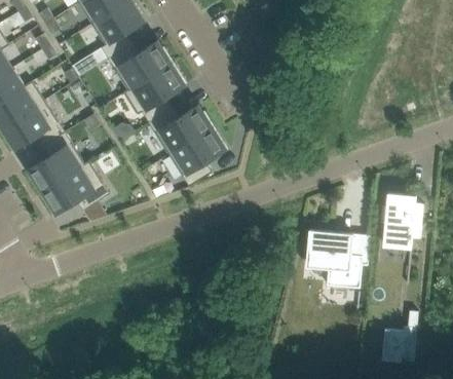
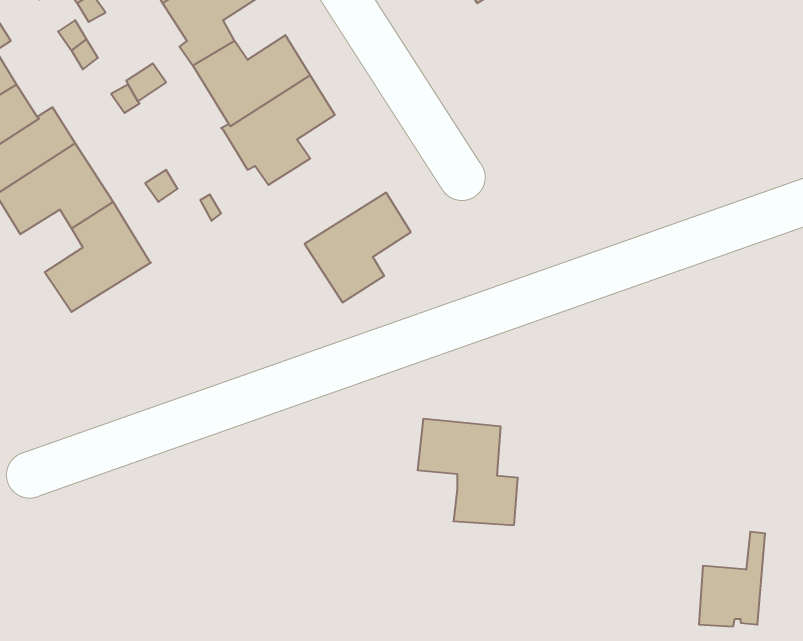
building: [149,106,213,155] -> none
building: [42,161,110,214] -> none
building: [381,194,423,249] -> none
building: [307,231,362,289] -> [417,419,518,525]

